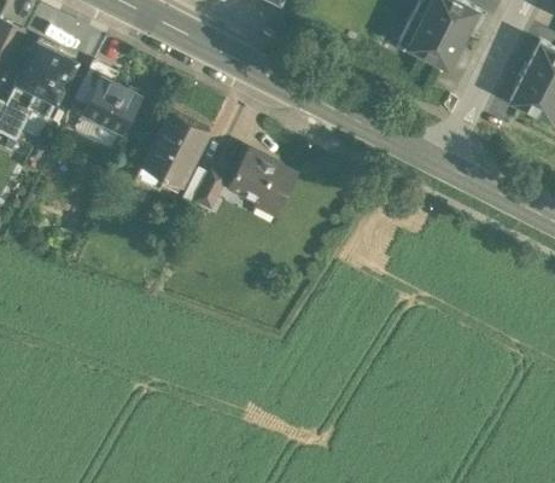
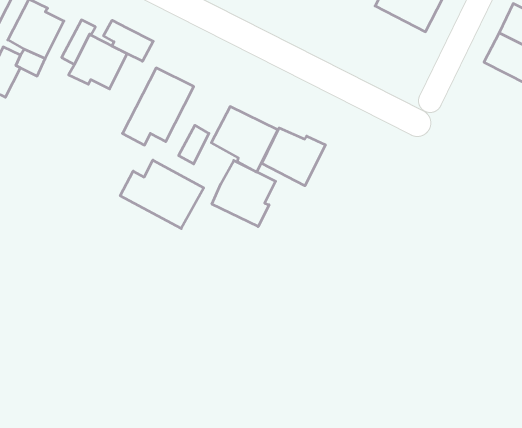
building: none -> [104,20,153,61]
building: none -> [262,128,325,186]
building: none -> [120,160,204,229]
building: none -> [212,160,276,227]

